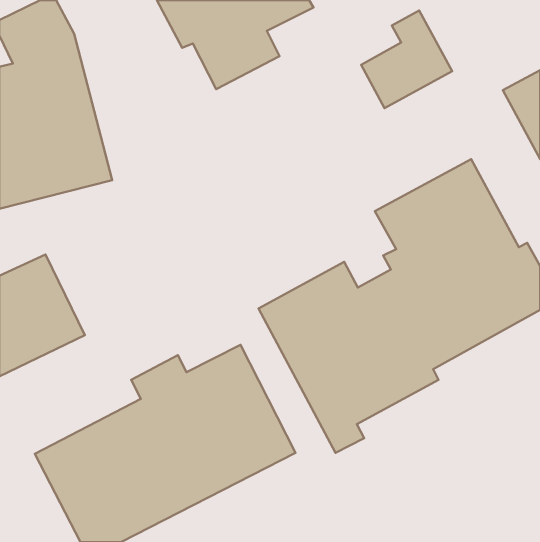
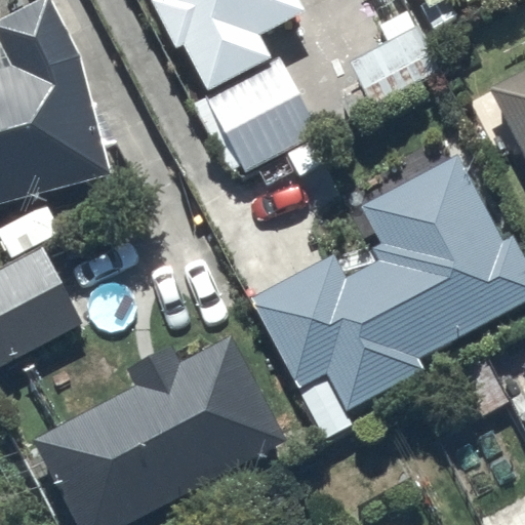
building: none -> [192,57,320,174]

